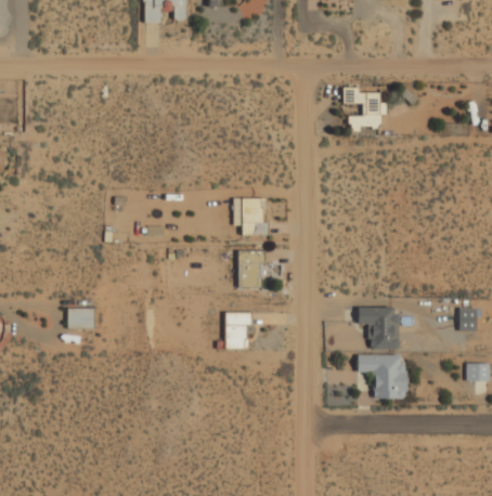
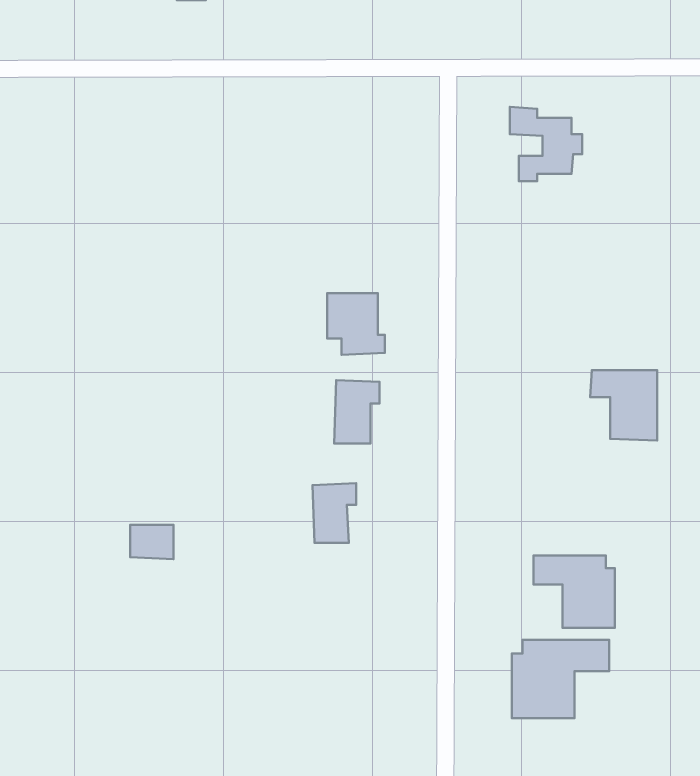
building: [357,308,397,350] -> [590,370,657,441]
building: [67,309,93,329] -> [130,525,174,559]
building: none -> [512,640,609,718]

